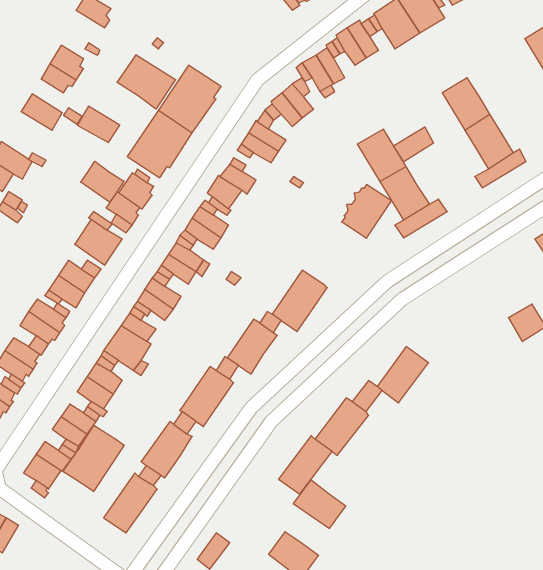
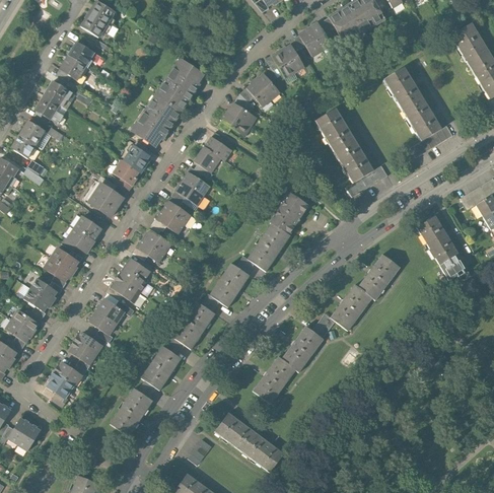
building: none -> [79,12,111,37]
building: [117,55,176,109] -> none
building: [77,106,120,143] -> [33,94,68,124]
building: [394,127,434,162] -> none
building: [81,161,124,202] -> none
building: [342,185,392,238] -> [269,192,309,235]
building: none -> [417,215,457,262]
building: none -> [358,254,402,301]
building: [63,425,124,492] -> none
building: [293,480,346,529] -> [214,414,257,453]

